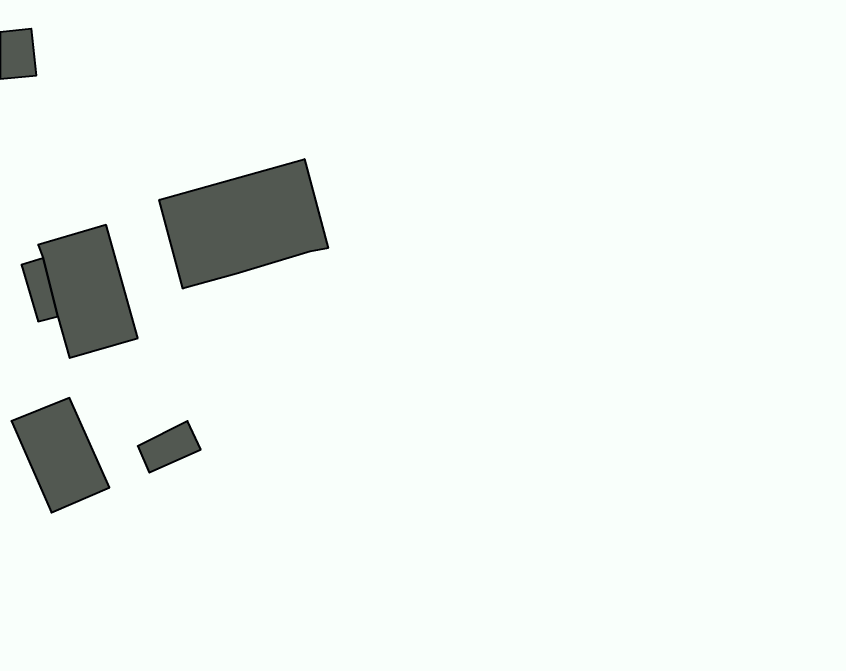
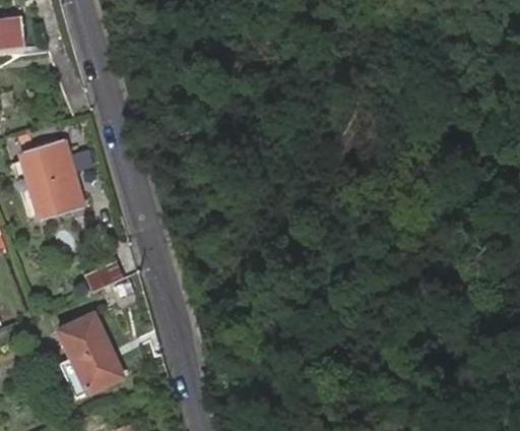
building: [159,159,328,289] -> none
building: [11,398,109,513] -> [57,314,117,384]

